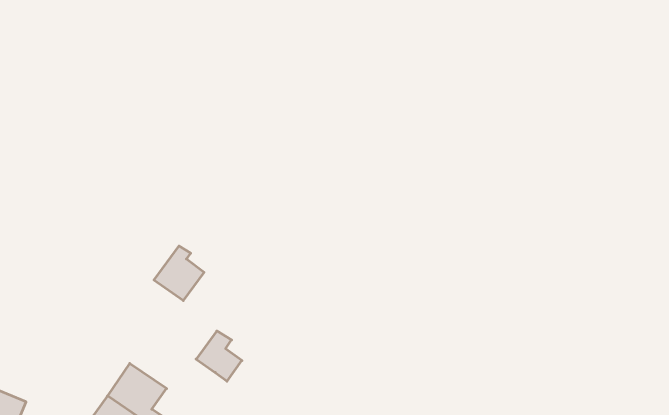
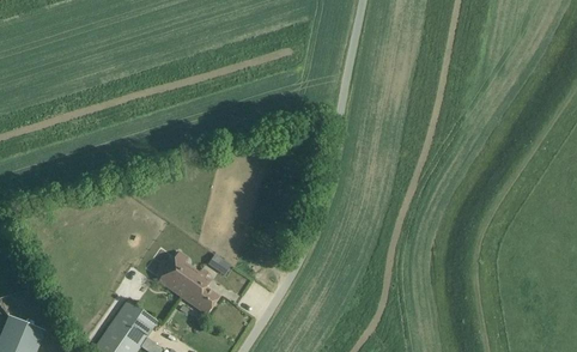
building: [154,246,204,301] -> [157,251,198,296]

